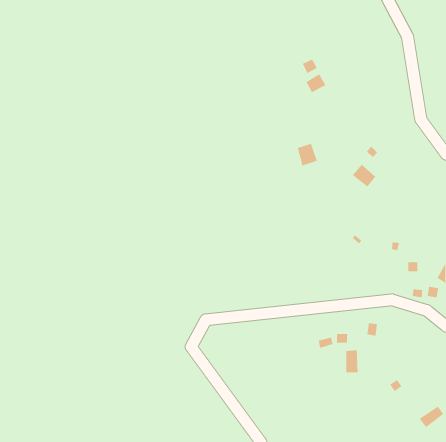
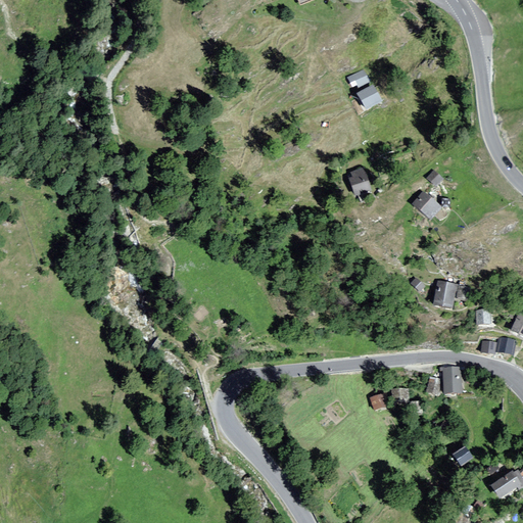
building: none -> [434,278,456,302]
building: [345,349,358,373] -> [446,366,462,393]

